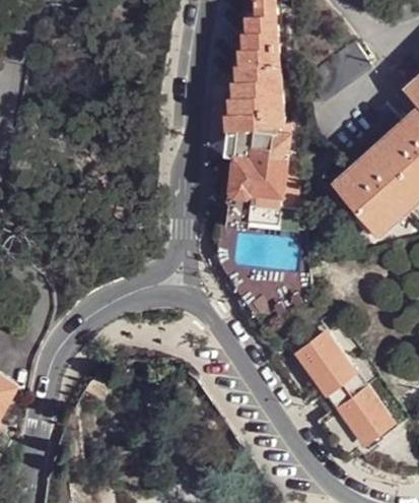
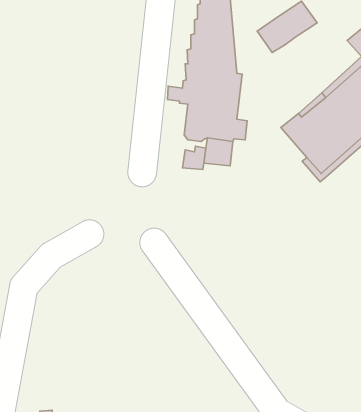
building: [293,330,397,447] -> none

